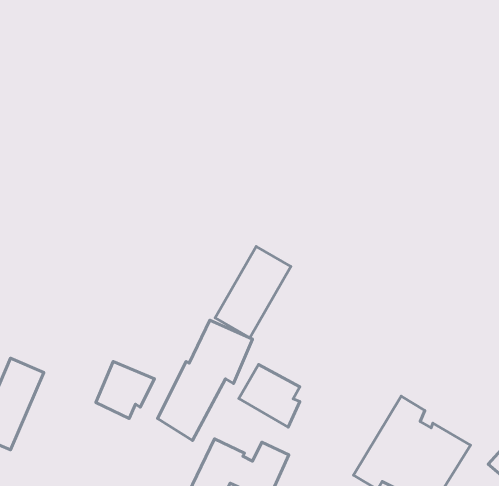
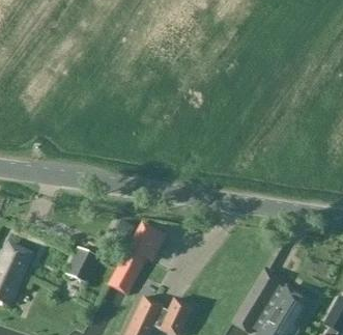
building: [215,246,291,338] -> none
building: [239,365,300,427] -> none

